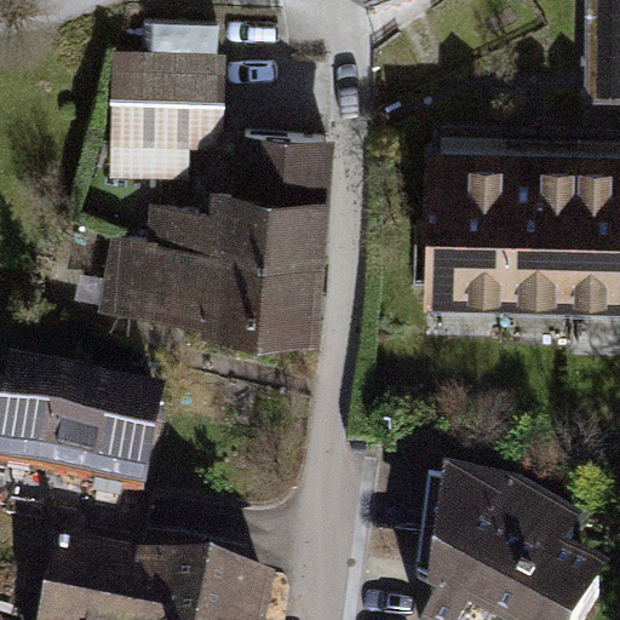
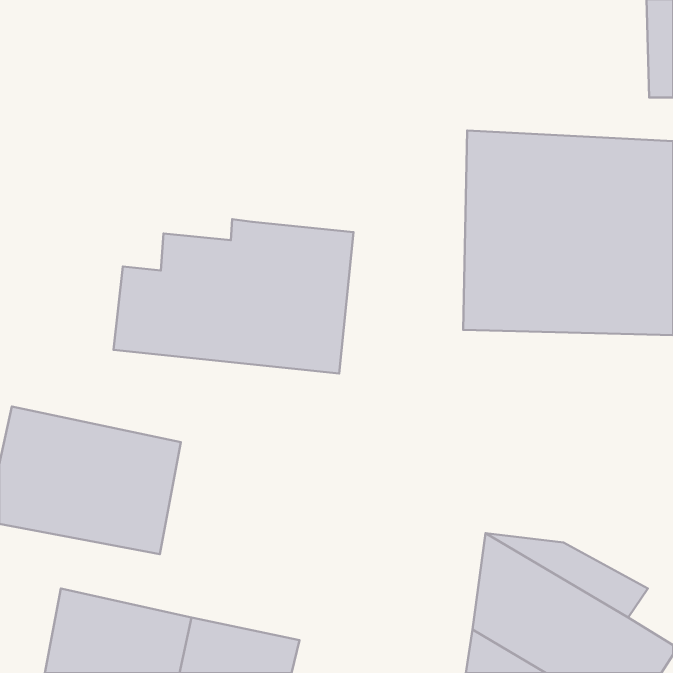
building: [111,63,219,183] -> none
building: [231,134,332,213] -> none

